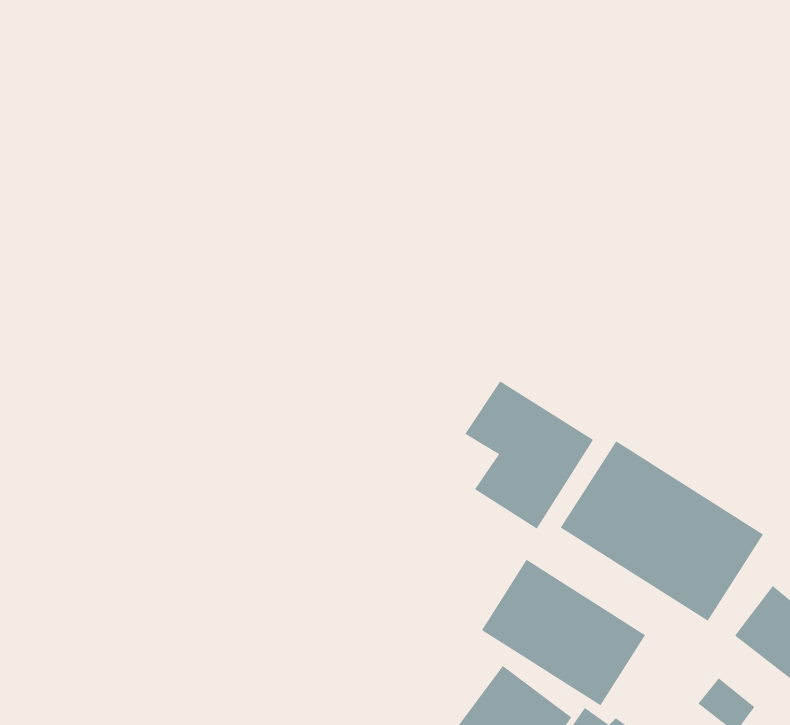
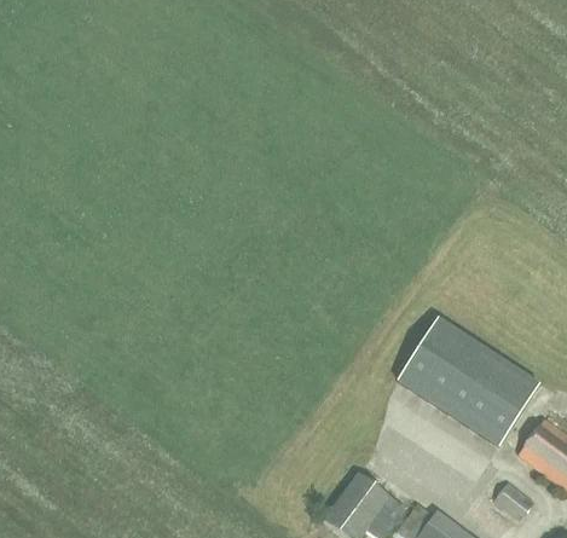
building: [464,381,594,529] -> none
building: [481,559,646,706] -> none

